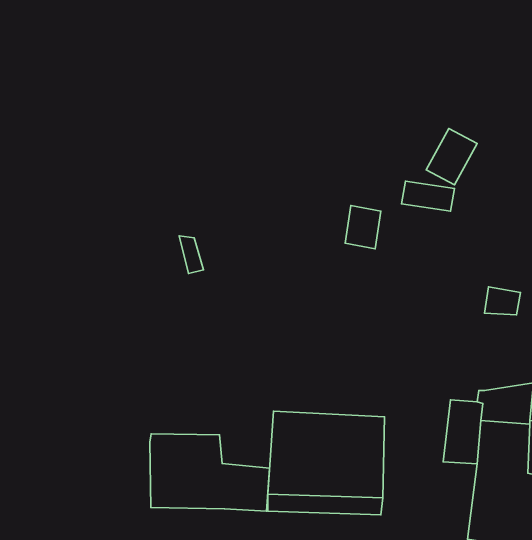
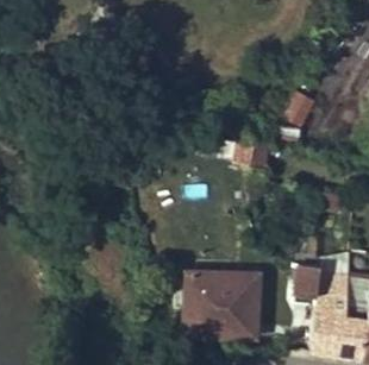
building: [150,434,270,511] -> none

